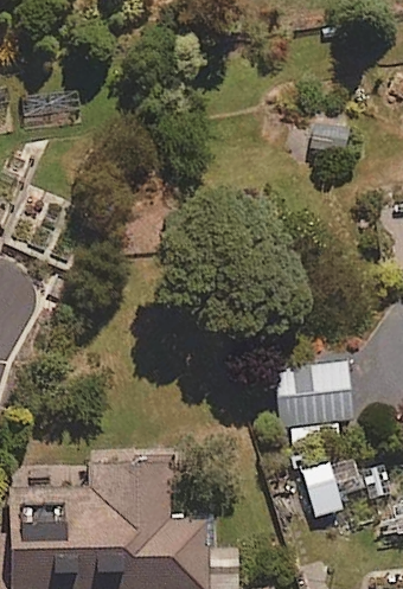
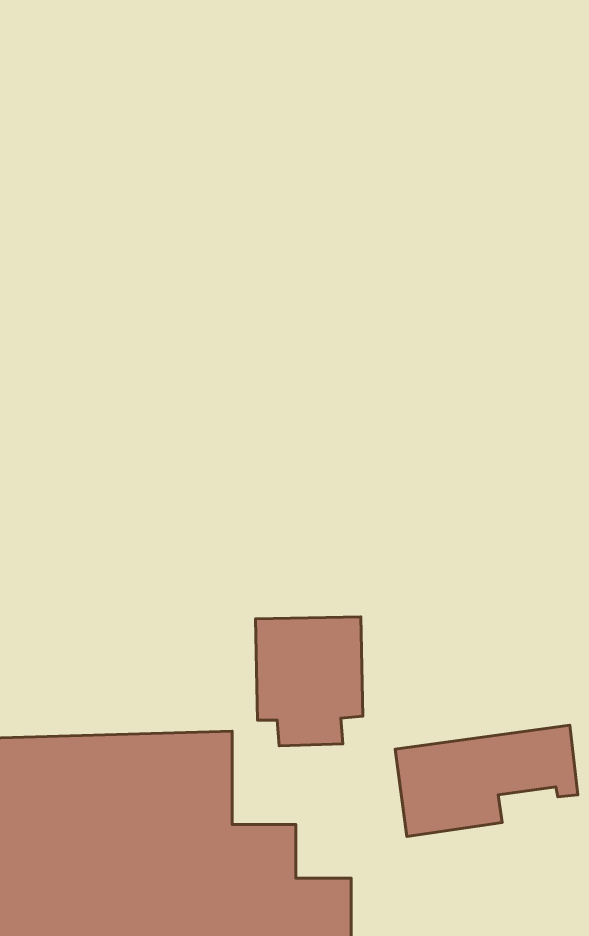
building: [282,363,346,440] -> [255,617,363,746]

